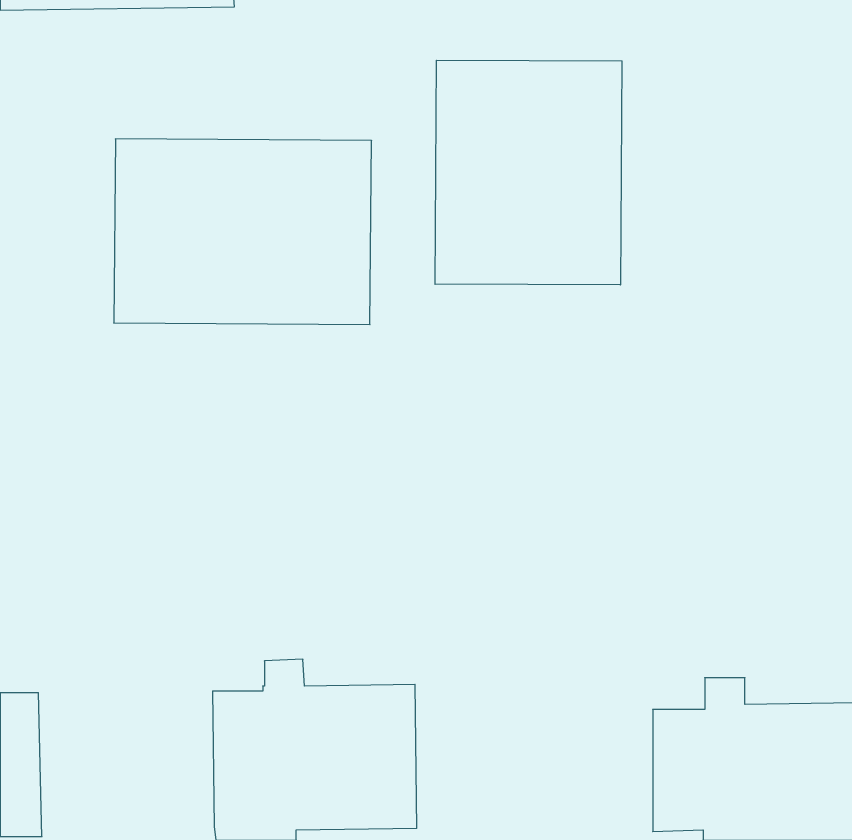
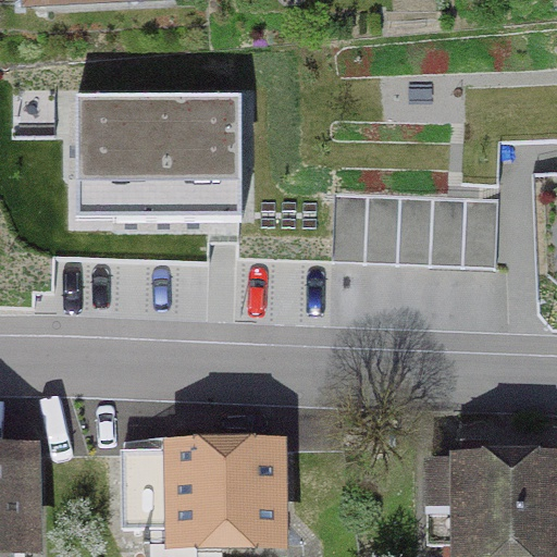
building: [435,60,622,285] -> none

